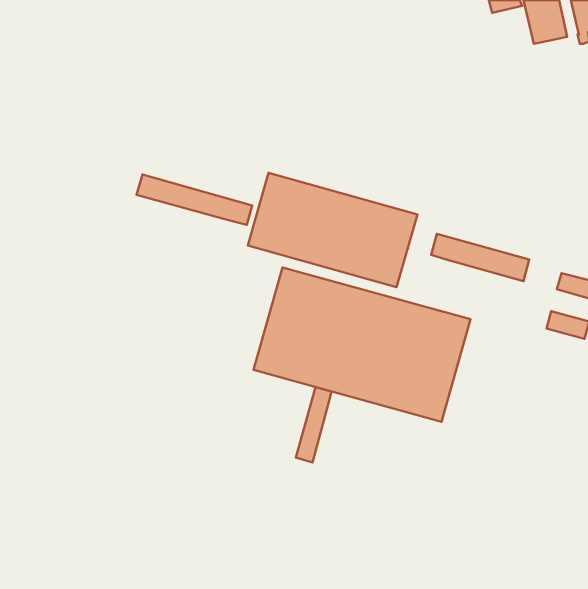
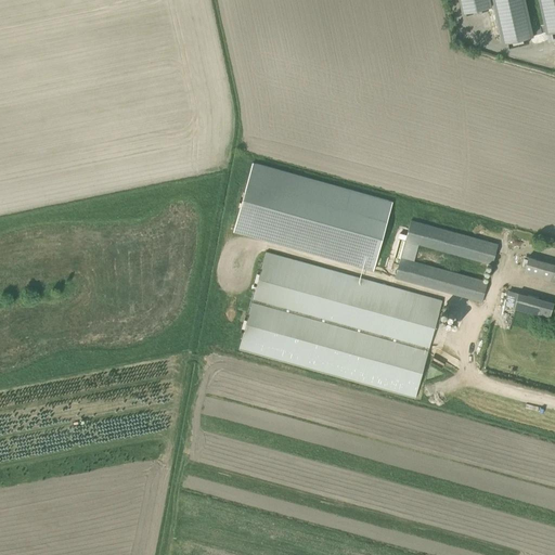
building: [136,175,252,225] -> none
building: none -> [395,232,488,302]
building: [296,387,331,462] -> none

